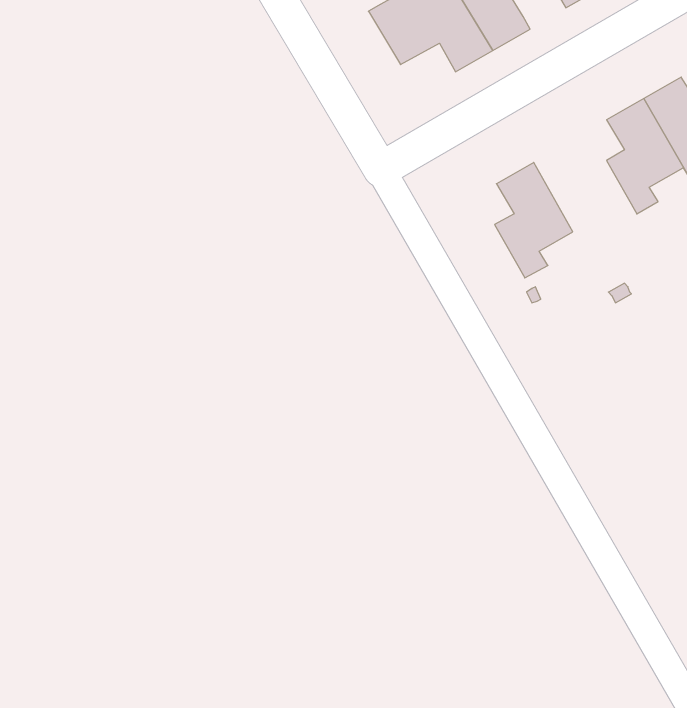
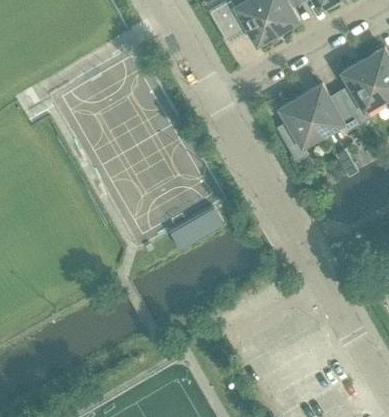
building: none -> [302,82,360,133]
building: none -> [171,207,223,248]

